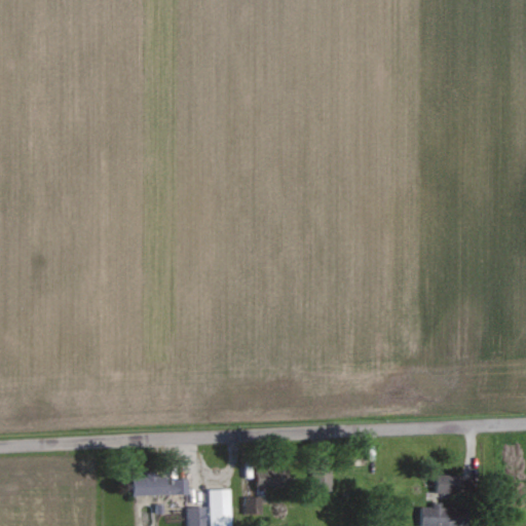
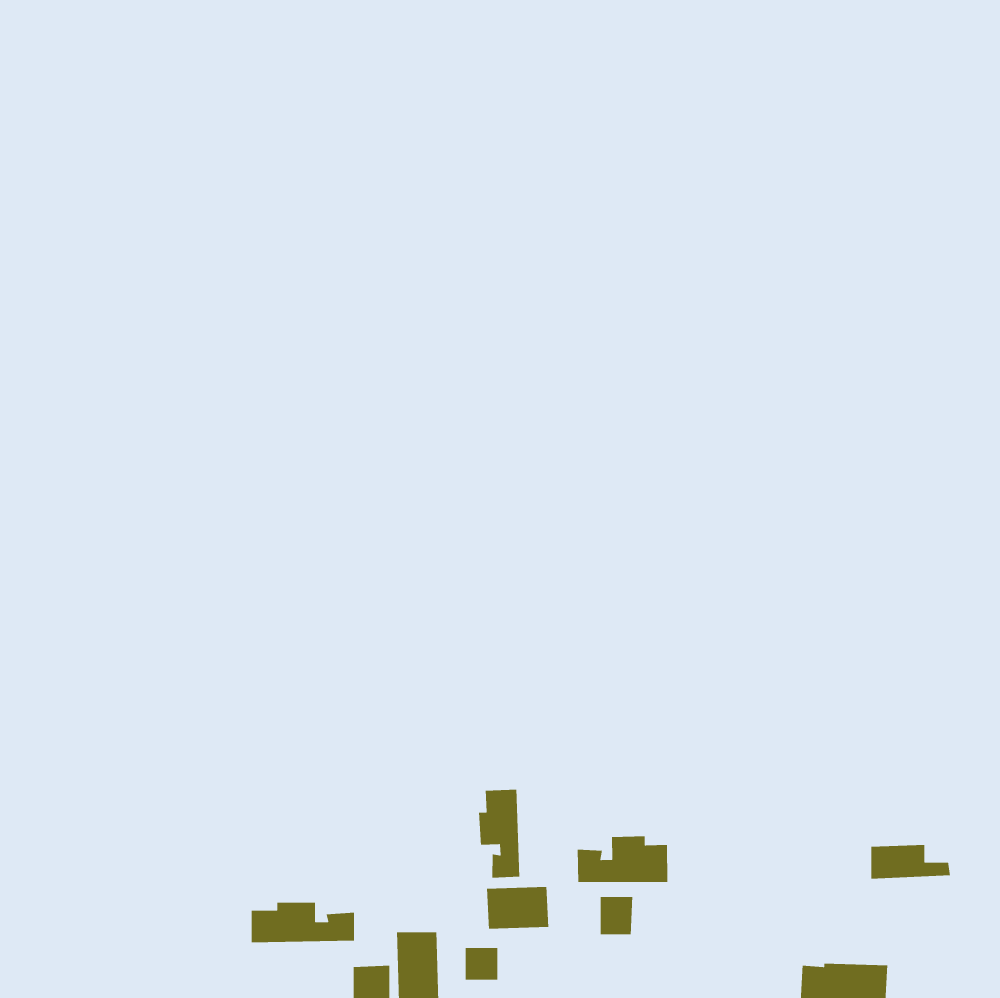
building: none -> [478,789,520,879]
building: none -> [577,836,668,883]
building: [437,475,479,493] -> [870,844,951,880]

